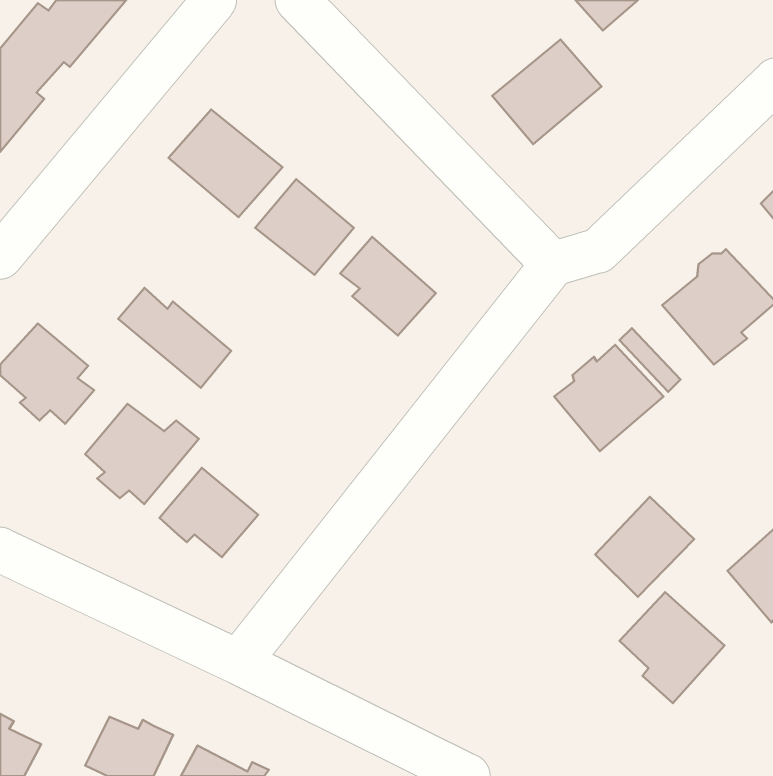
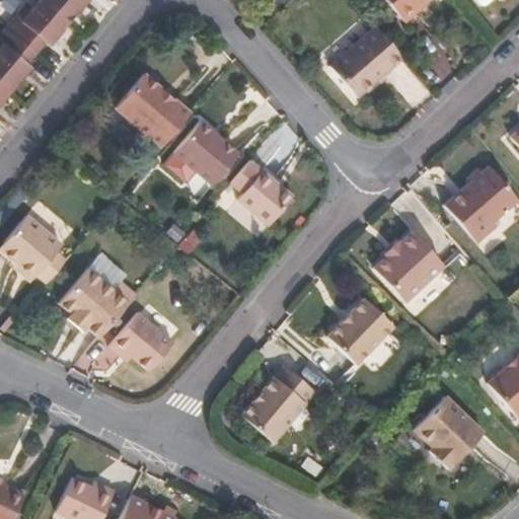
building: [118,288,231,388] -> none
building: [595,497,694,597] -> [326,301,392,368]
building: none -> [244,368,317,443]

